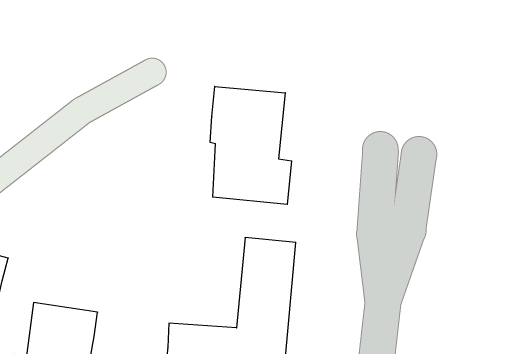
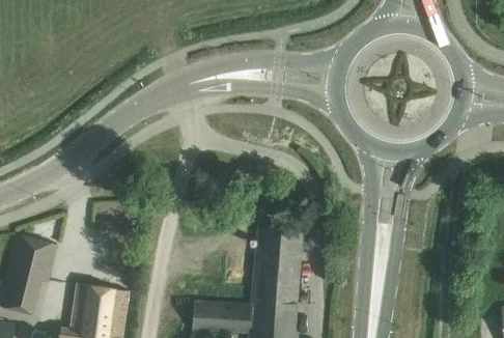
building: [210,86,292,204] -> none

